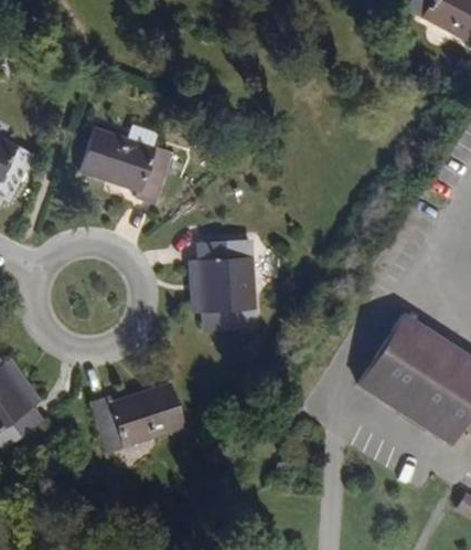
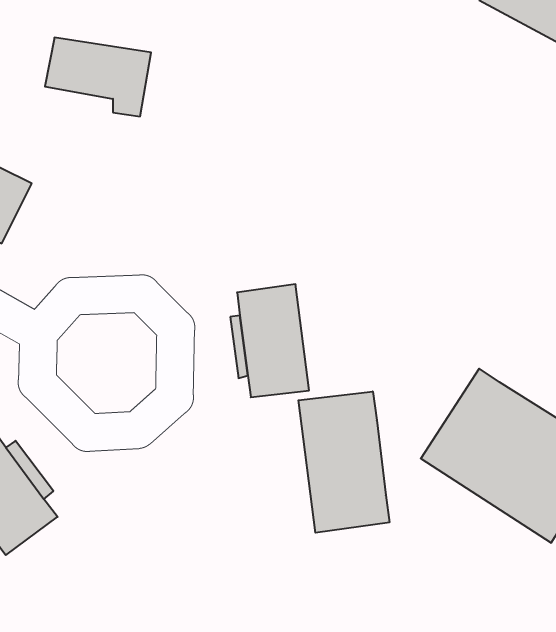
building: [93,128,179,192] -> [45,38,151,116]
building: none -> [298,391,389,533]
building: [93,379,190,451] -> none

